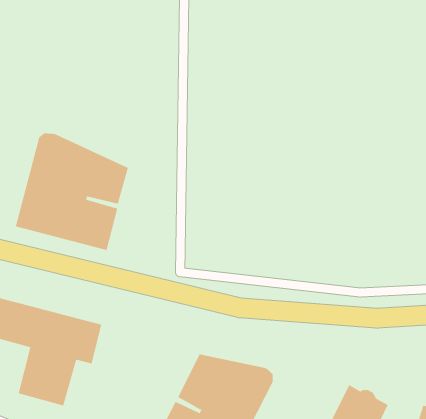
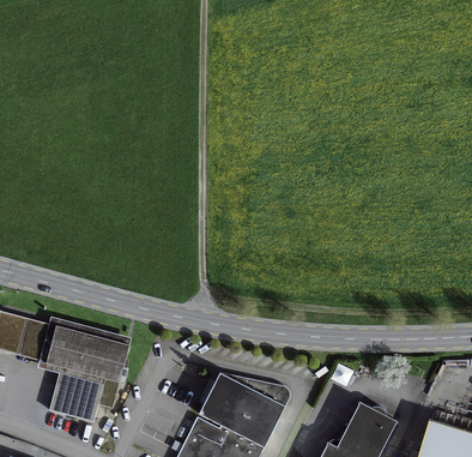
building: [15,133,129,251] -> none

